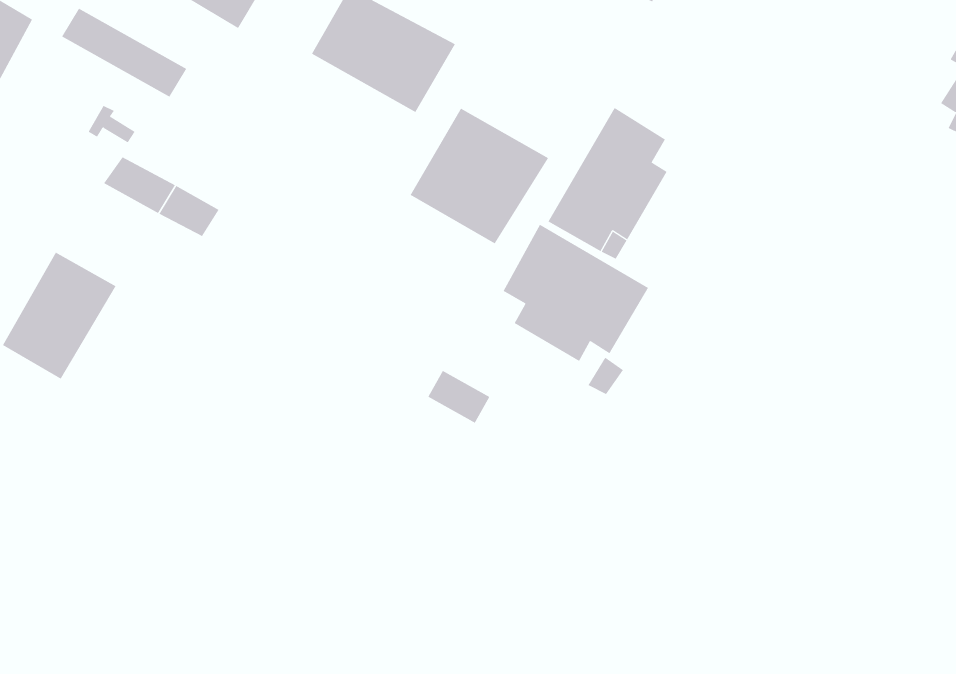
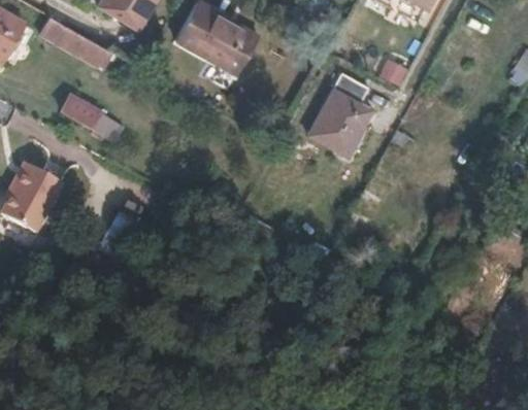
building: [410,108,549,244] -> none
building: [503,224,649,362] -> none

